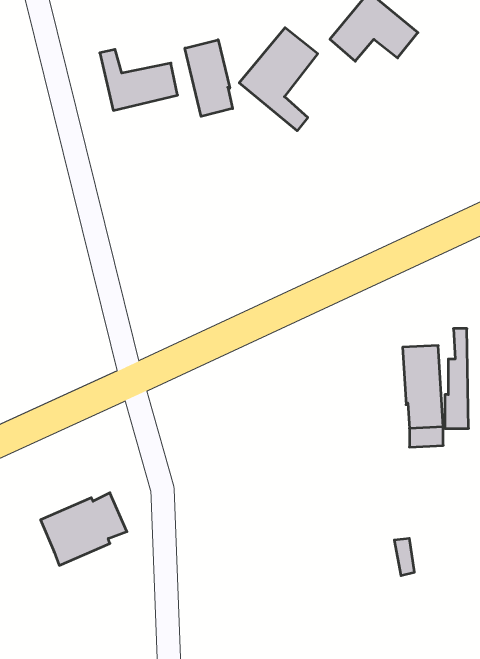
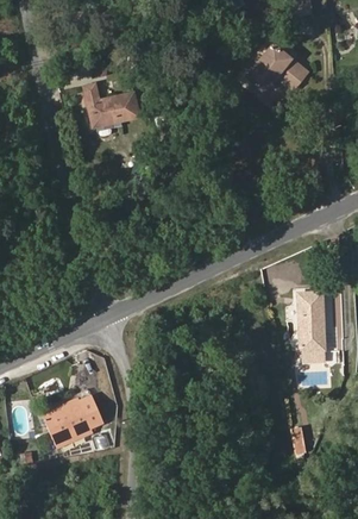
building: [239,28,318,131] -> none
building: [185,40,233,116] -> none

